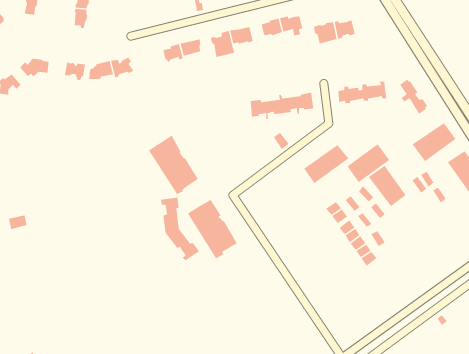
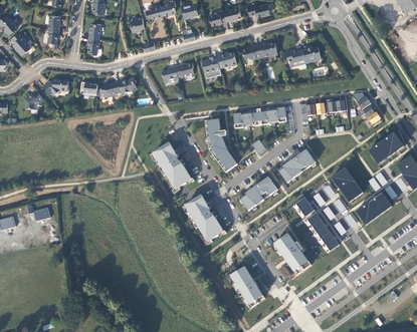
building: [346,143,390,183] -> [356,192,392,225]
building: none -> [238,177,277,211]
building: [160,197,200,261] -> [204,118,237,172]
building: none -> [274,233,310,274]
building: none -> [227,266,264,310]

